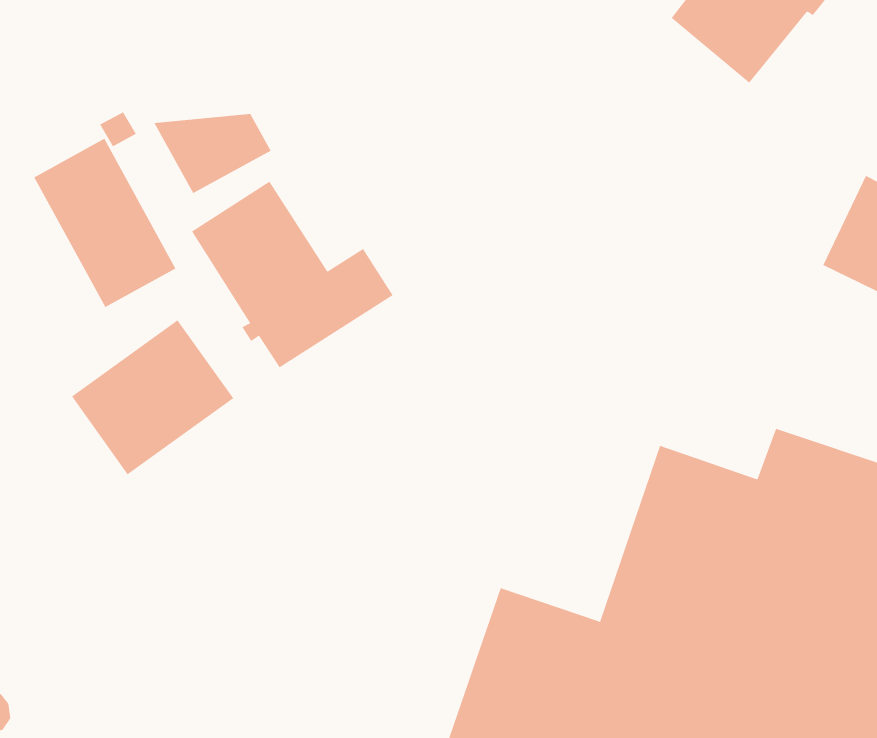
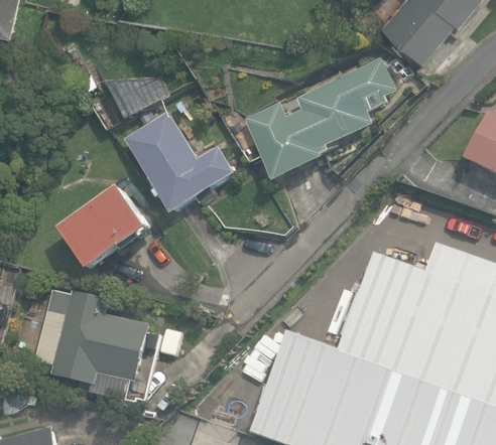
building: none -> [244,57,393,180]
building: [34,138,176,308] -> none
building: none -> [32,285,151,400]

